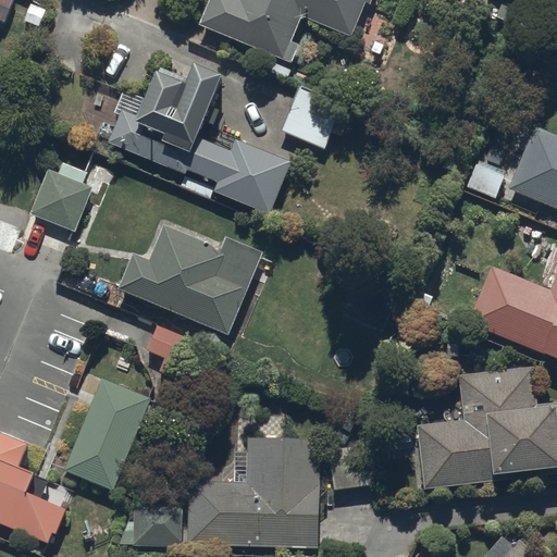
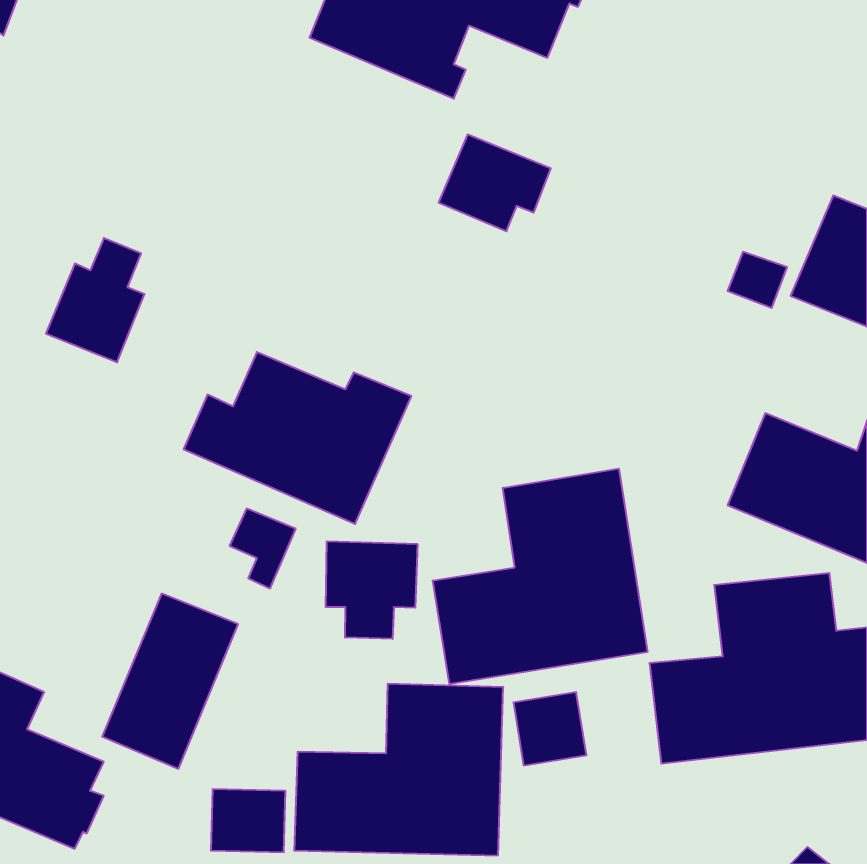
building: [97,65,290,214] -> none
building: none -> [433,469,647,684]
building: none -> [326,541,417,639]

